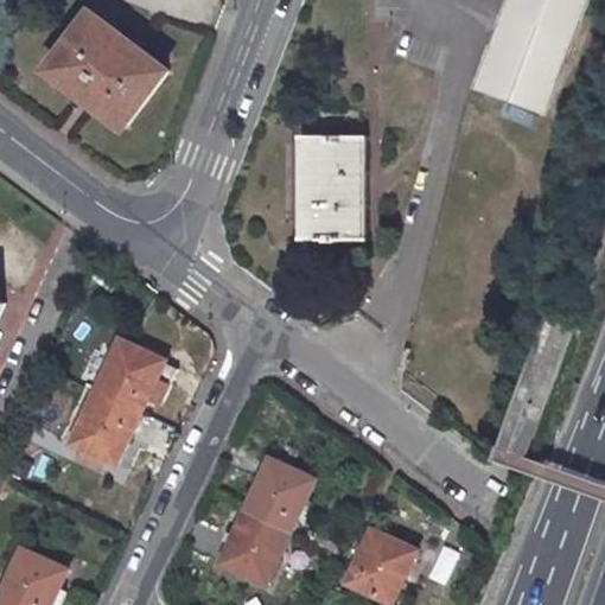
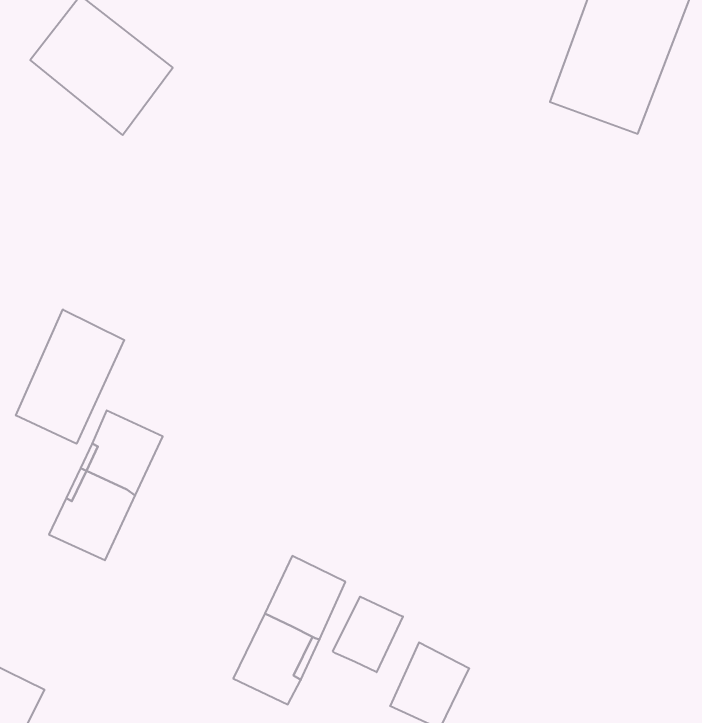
building: [304,136,371,241] -> none
building: none -> [16,309,124,444]
building: none -> [333,597,403,672]

